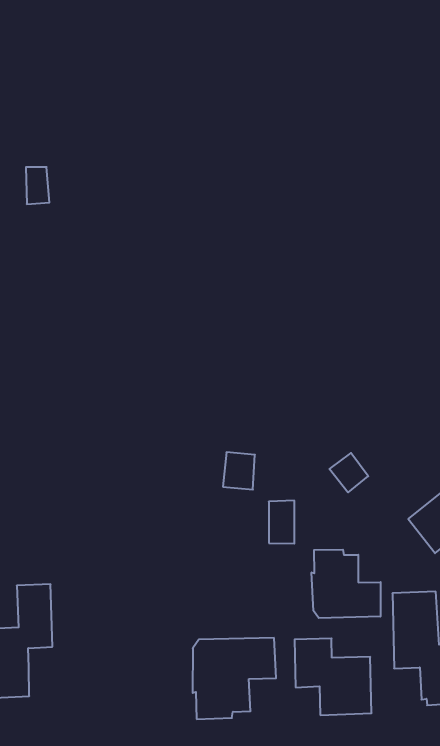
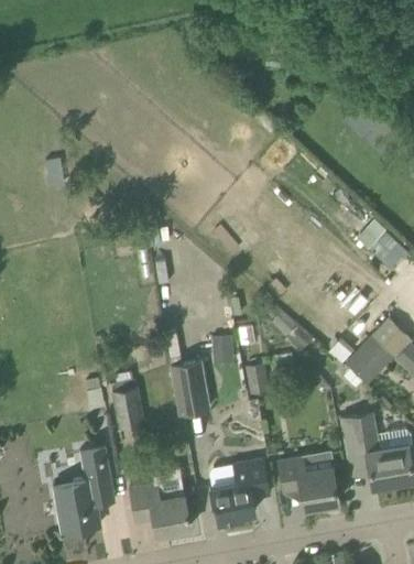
building: none -> [172,360,210,415]
building: none -> [111,379,145,431]
building: [312,550,381,618] -> none
building: none -> [130,481,192,535]

